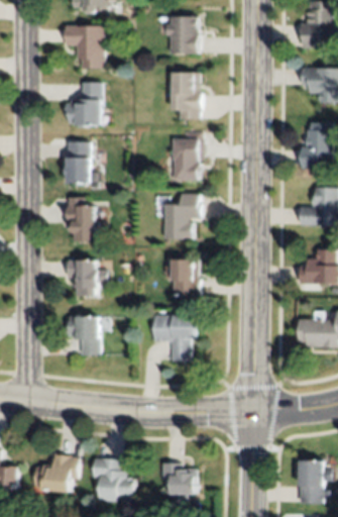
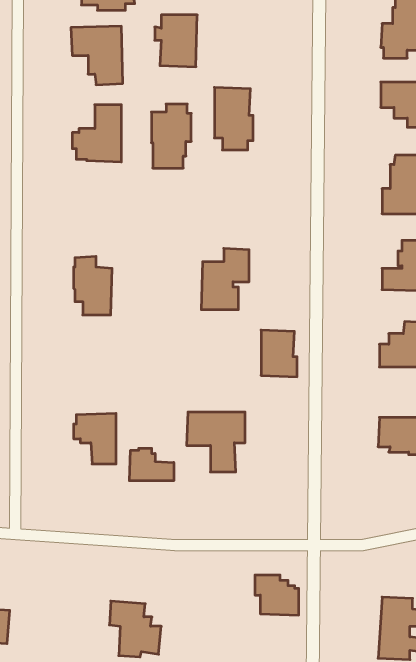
building: [165,14,198,54] -> [155,15,197,67]
building: [172,131,202,180] -> [151,104,191,168]
building: [66,142,91,184] -> none
building: [67,256,106,294] -> none
building: [171,257,198,293] -> [261,330,297,377]
building: none -> [129,448,174,481]
building: [34,453,78,491] -> none
building: [161,464,195,495] -> [255,575,299,615]

